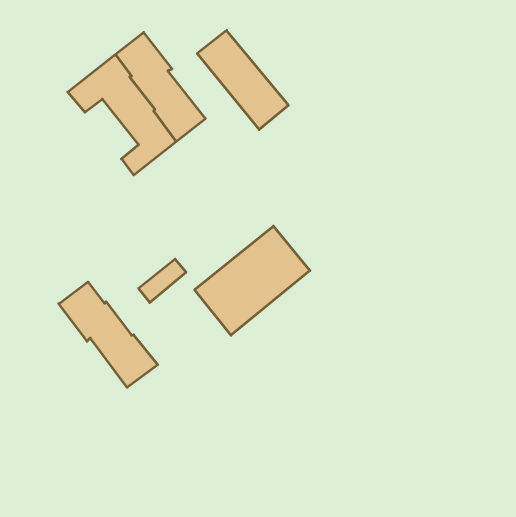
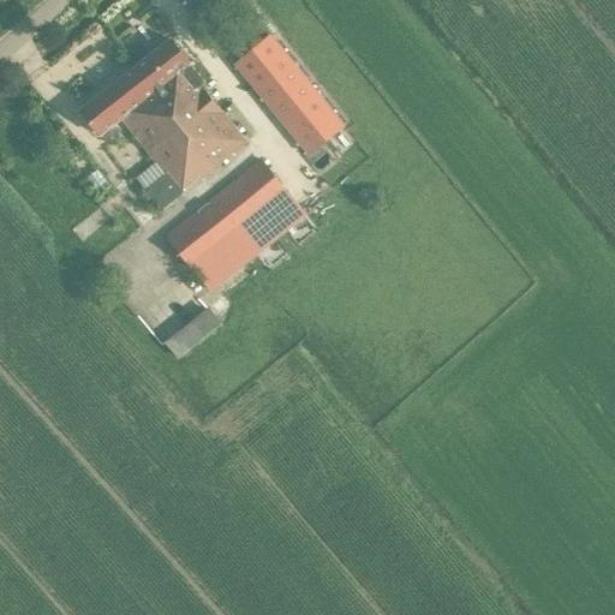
building: [195,226,310,335] -> [167,161,304,291]
building: [59,282,158,387] -> none

